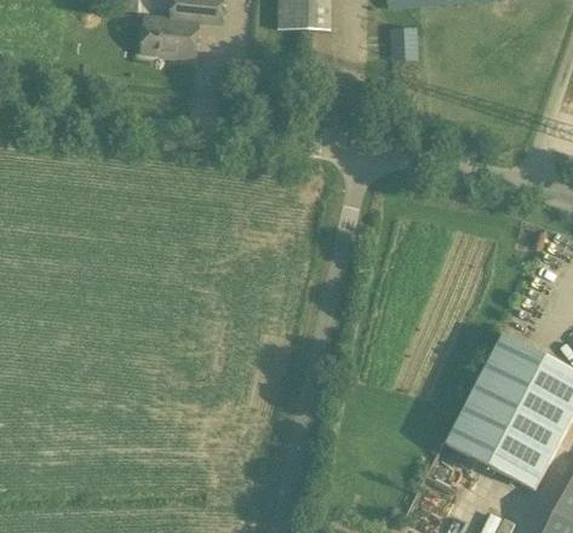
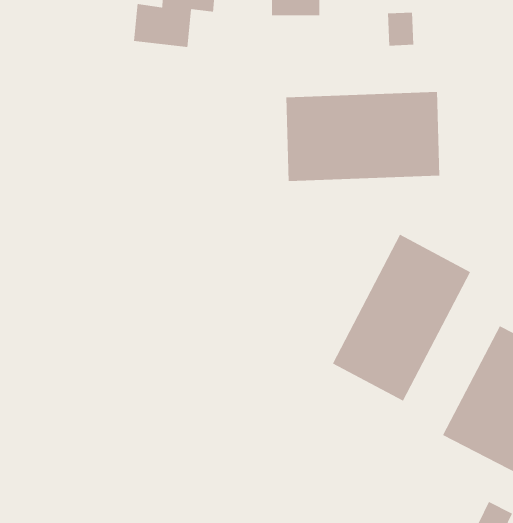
building: none -> [286,91,440,182]
building: none -> [332,234,471,402]

